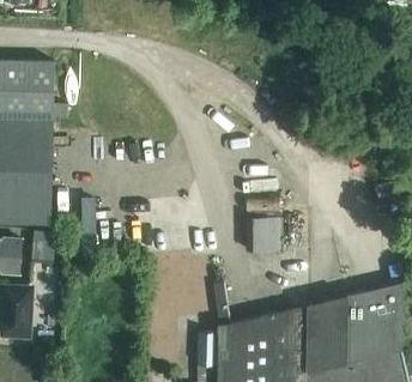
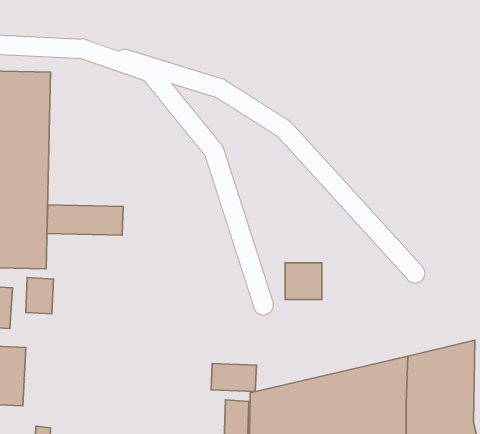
building: none -> [47,205,123,235]
building: none -> [211,364,256,392]

